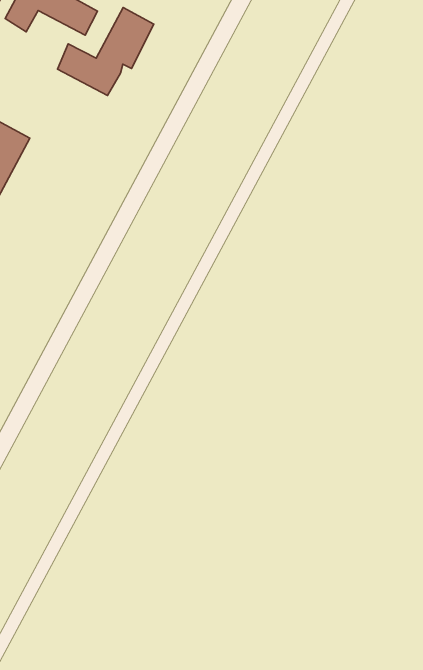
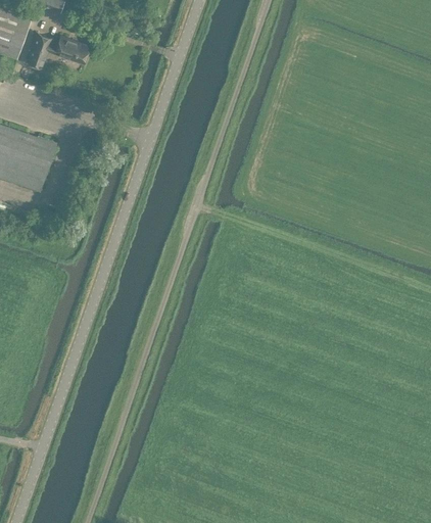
building: [58,7,154,96] -> none

